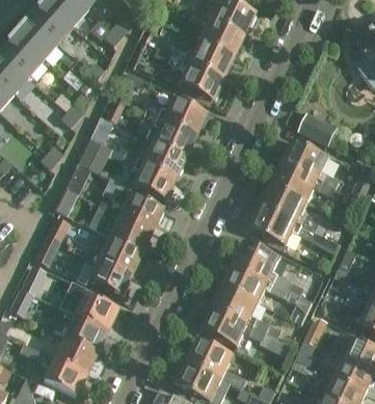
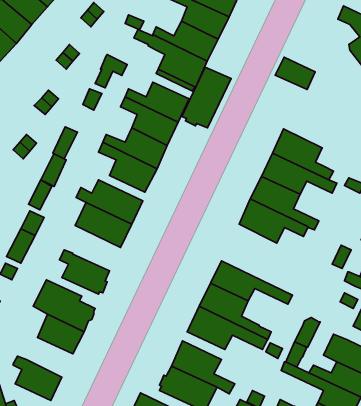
building: none -> [182,67,231,128]
building: [300,113,338,143] -> [275,57,315,89]
building: [97,234,141,272] -> none
building: [236,241,306,295] -> none
building: [53,334,97,372] -> none

